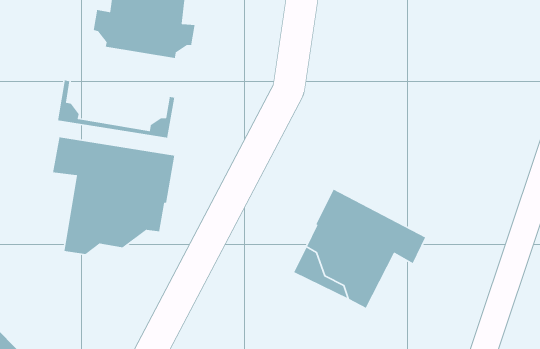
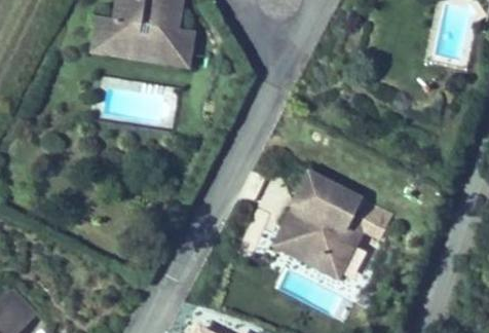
building: [57,80,175,139] -> [90,12,193,64]
building: [52,136,175,255] -> none

